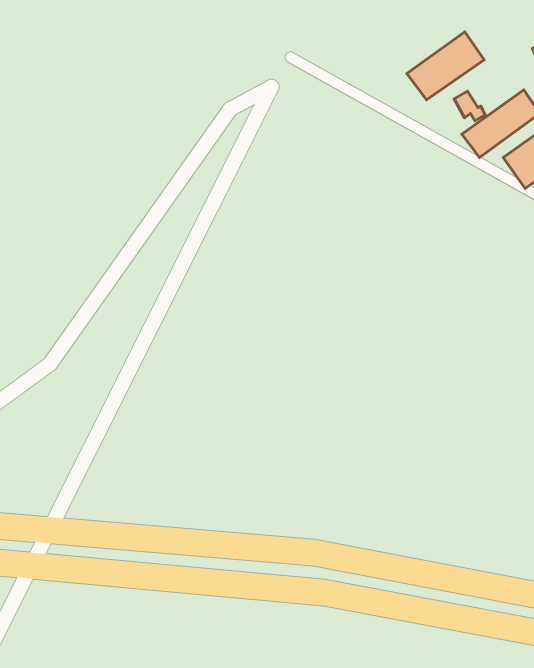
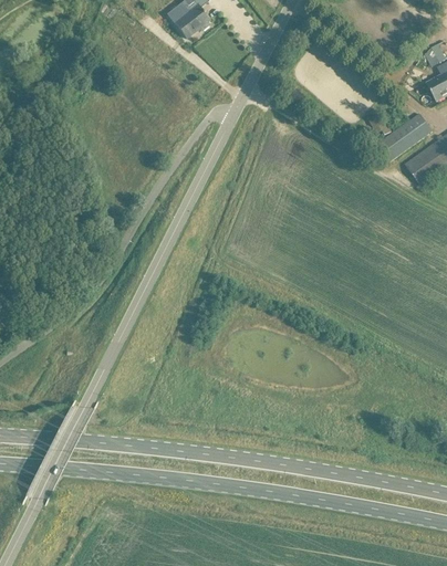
building: [407,32,484,100] -> none

